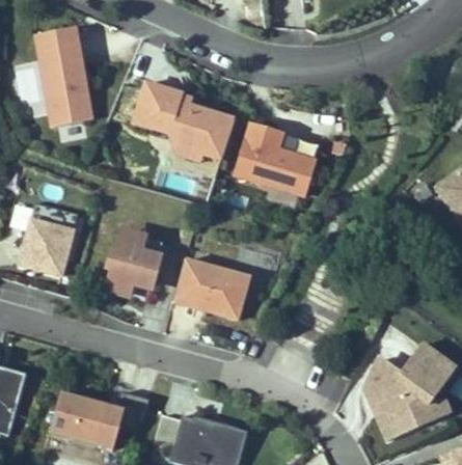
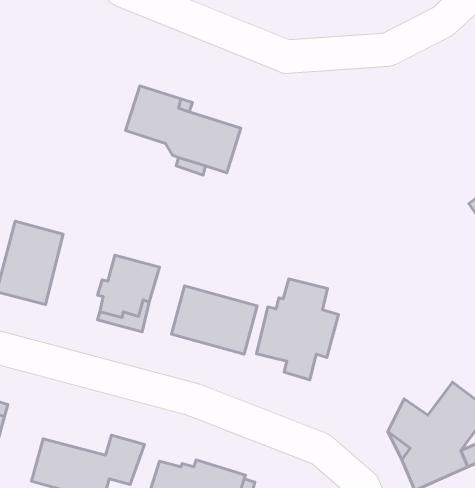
building: [35,27,91,127] -> none
building: [234,126,312,195] -> none
building: none -> [257,279,339,380]

